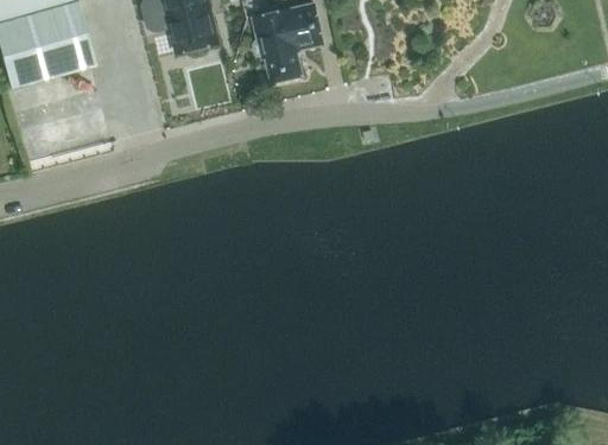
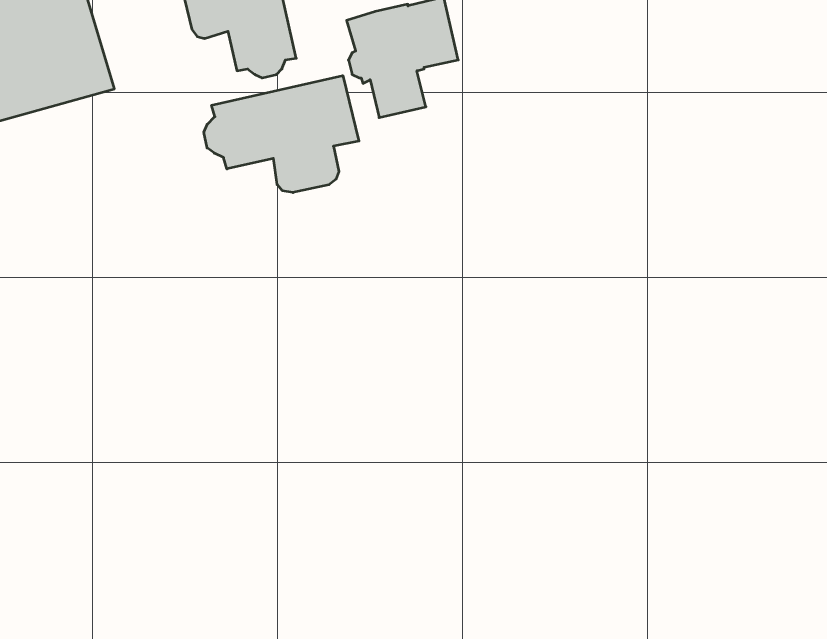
building: none -> [204,76,359,193]

